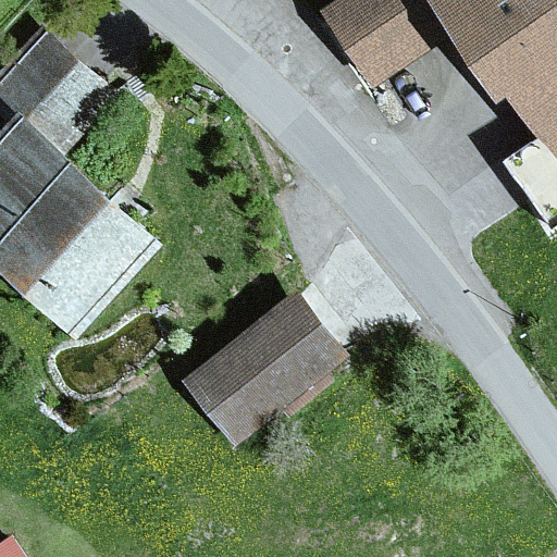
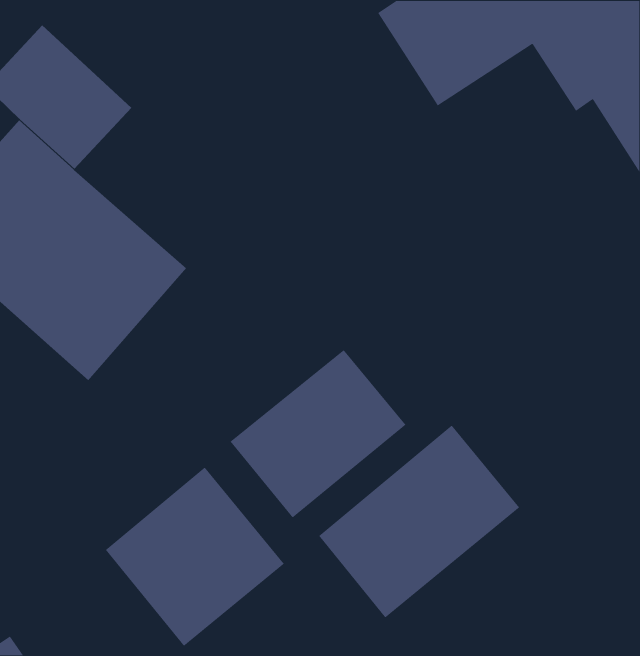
building: none -> [318,425,520,619]
building: none -> [105,466,285,647]

